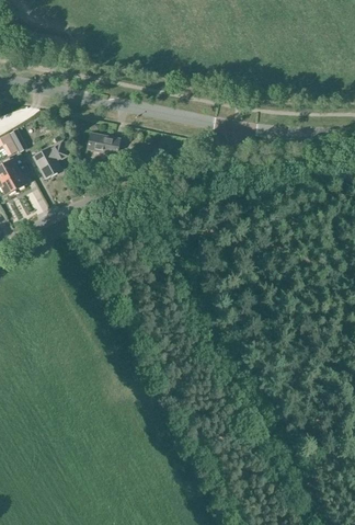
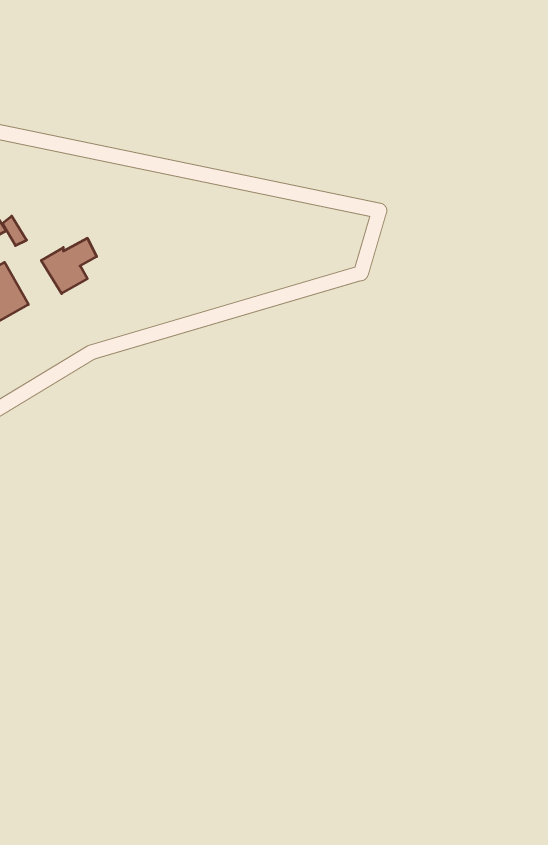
building: [87,133,118,155] -> none

